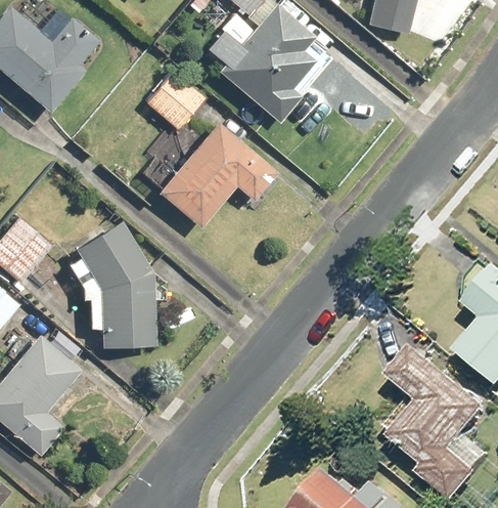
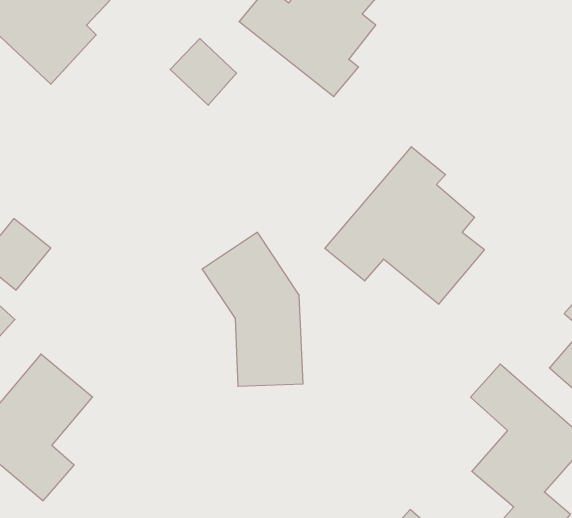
building: [160,123,277,226] -> none
building: none -> [325,147,484,304]
building: [73,218,156,346] -> [202,232,303,386]

